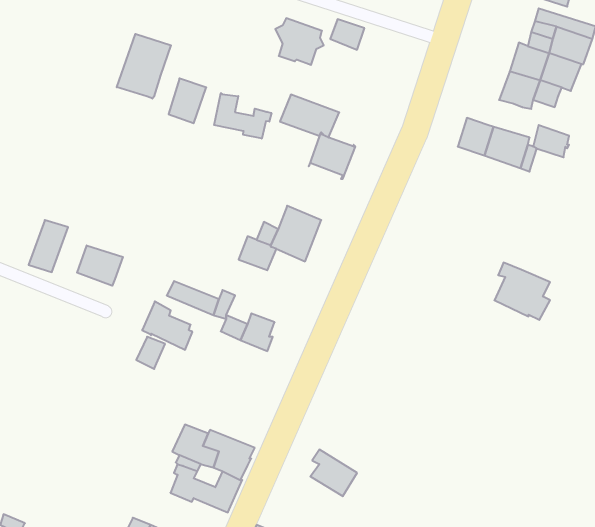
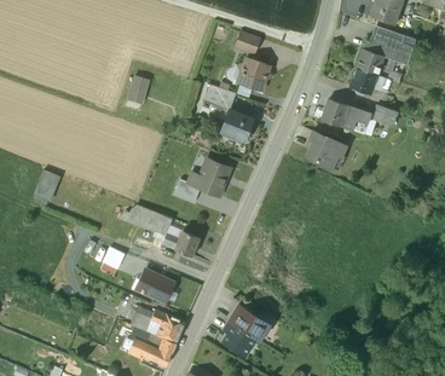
building: [275,18,324,65] -> [238,58,271,89]
building: [117,34,171,99] -> none
building: [214,93,271,139] -> none
building: [77,245,123,286] -> none
building: [494,263,550,320] -> [307,132,345,170]
building: [142,301,192,350] -> [137,270,171,302]
building: none -> [229,308,267,341]

